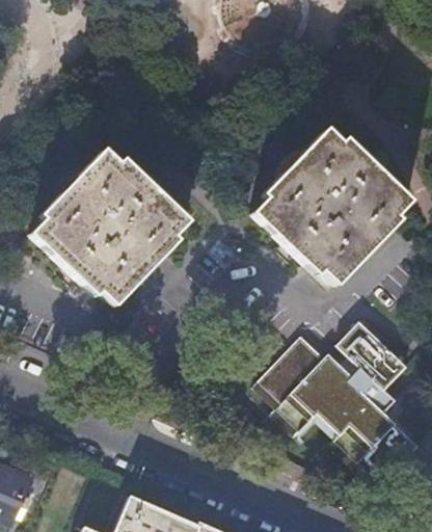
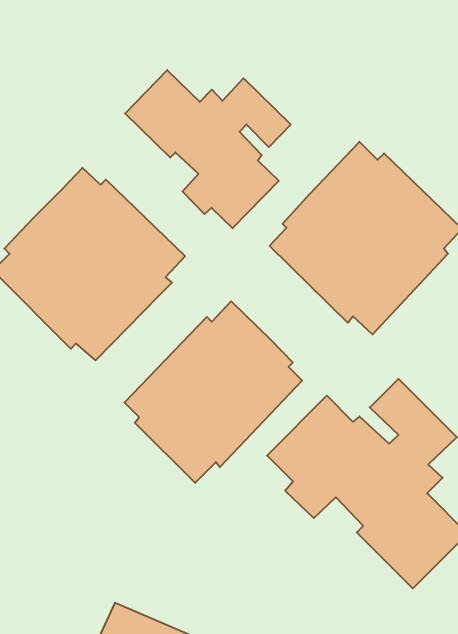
building: none -> [125,70,291,228]
building: none -> [124,301,302,483]

